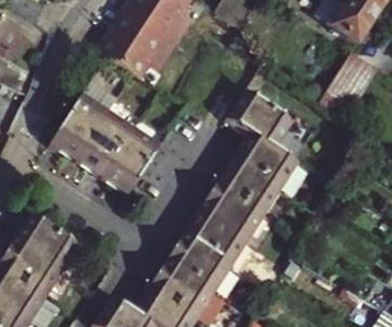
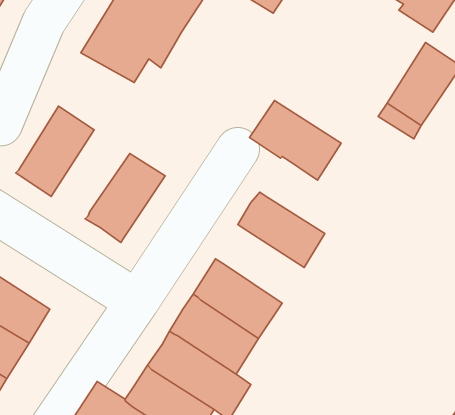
building: [77,112,135,177] -> none
building: [231,131,296,188] -> none
building: [198,182,264,240] -> none

